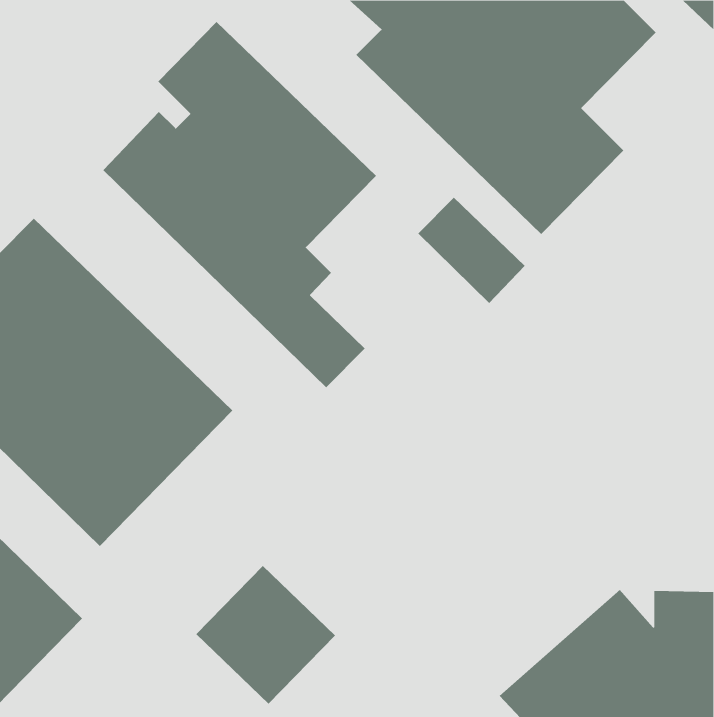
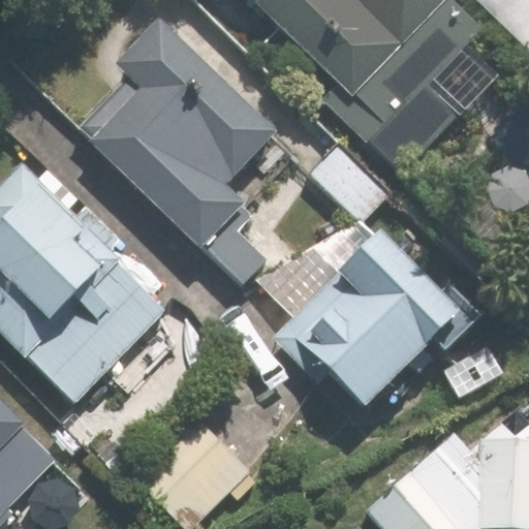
building: none -> [273,226,463,416]

